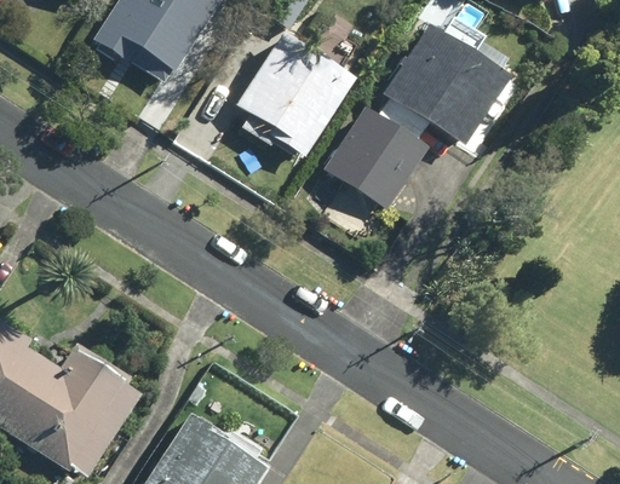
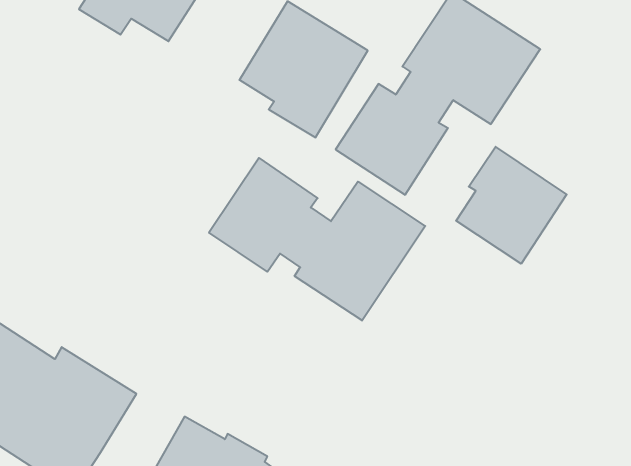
building: none -> [456,147,567,264]
building: none -> [209,158,425,321]

